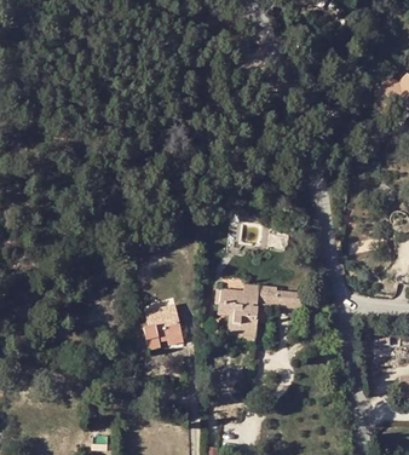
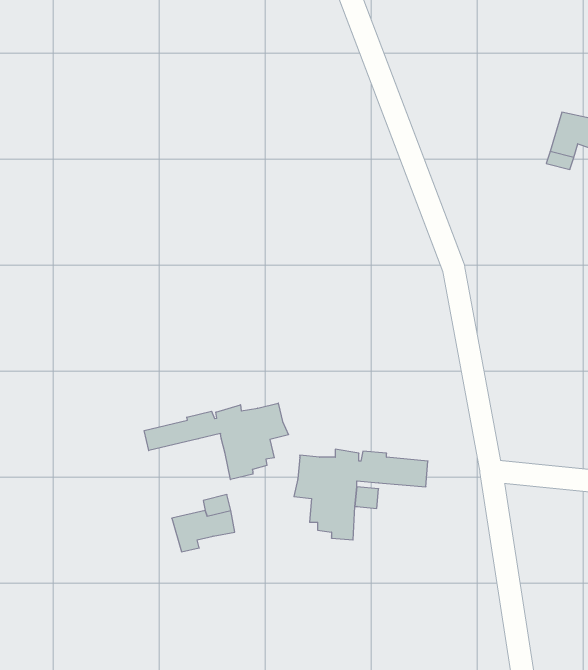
building: none -> [144,403,288,480]

